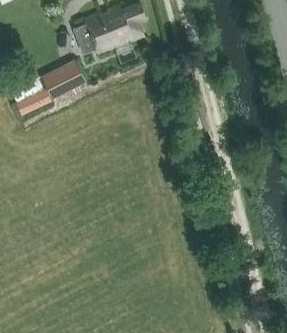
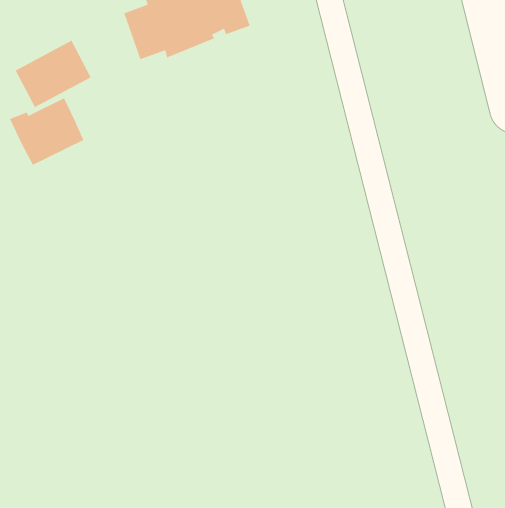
building: [42,62,85,100] -> [15,40,92,108]

